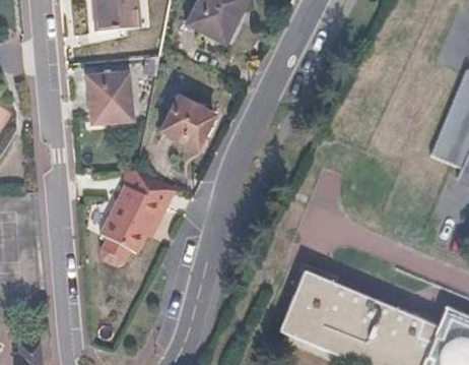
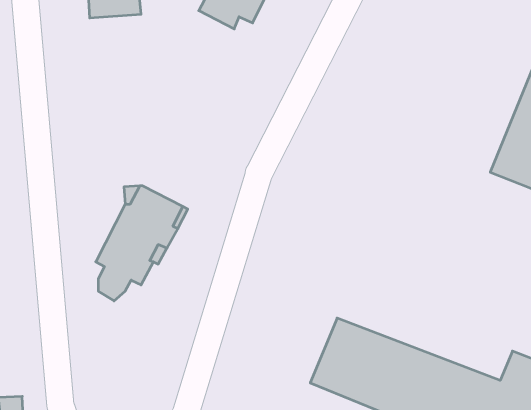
building: [88,72,133,122] -> none
building: [162,96,214,147] -> none

